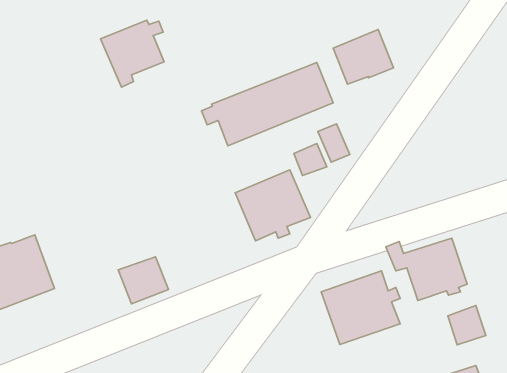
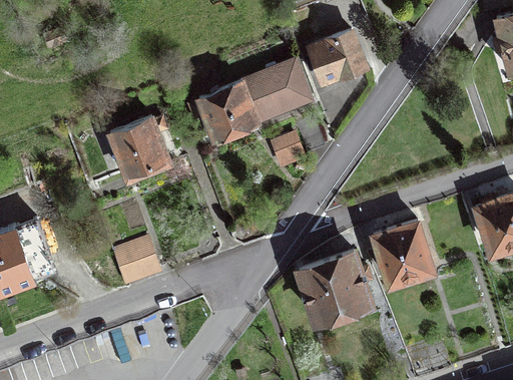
building: [101,20,164,87] -> [109,117,167,178]
building: [235,170,310,241] -> none
building: [448,306,486,345] -> none

